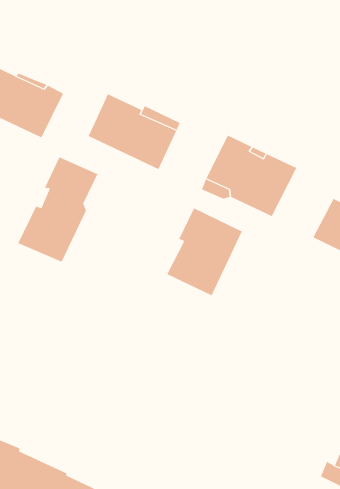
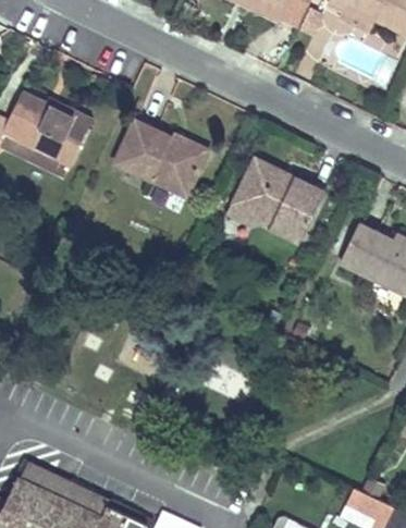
building: [17,157,98,263] -> none
building: [166,208,243,296] -> none

